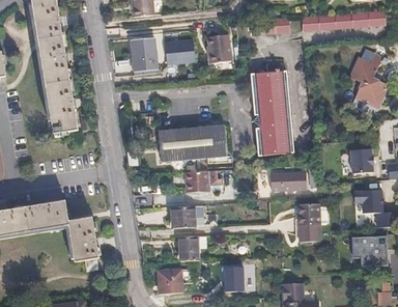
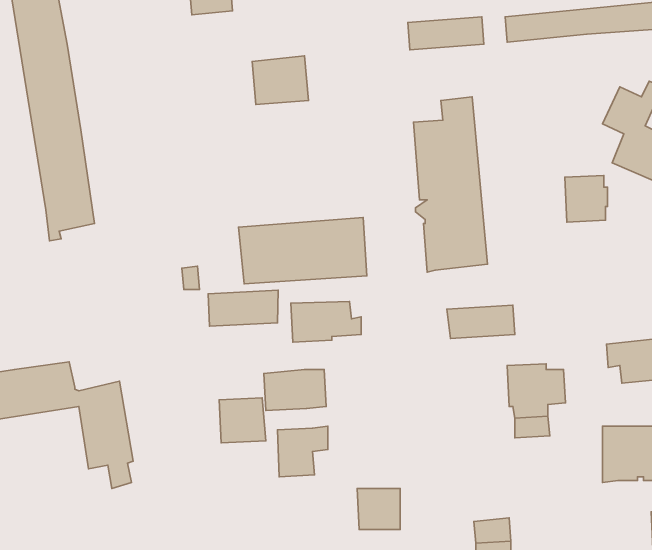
building: [206,33,230,63] -> none
building: [129,37,155,72] -> none
building: [349,147,372,172] -> [565,175,608,222]
building: none -> [208,290,278,326]
building: [157,271,181,295] -> [219,398,266,443]

